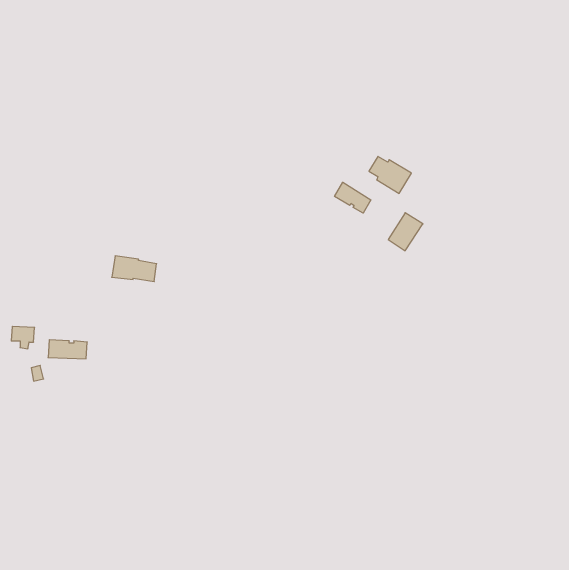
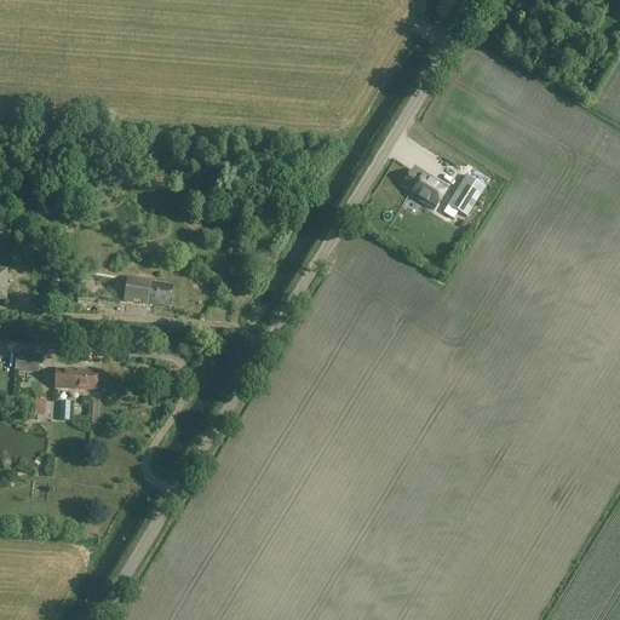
building: [335,182,371,213] -> none
building: [388,213,423,251] -> [447,174,484,216]

